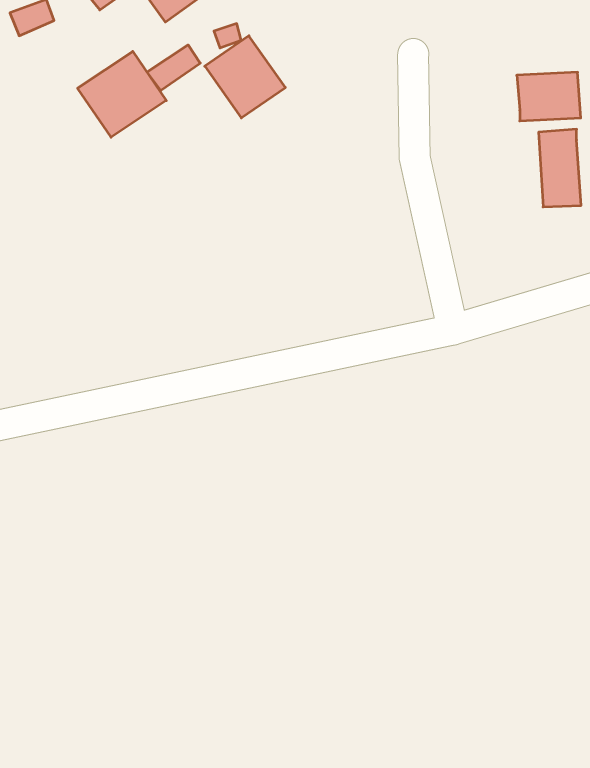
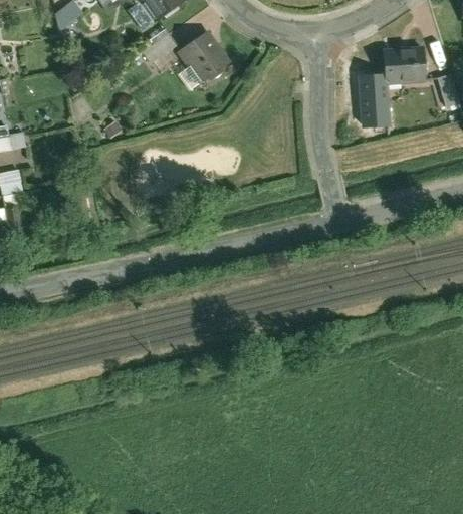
building: [78,51,166,137] -> none
building: [539,129,581,207] -> [361,77,389,128]

